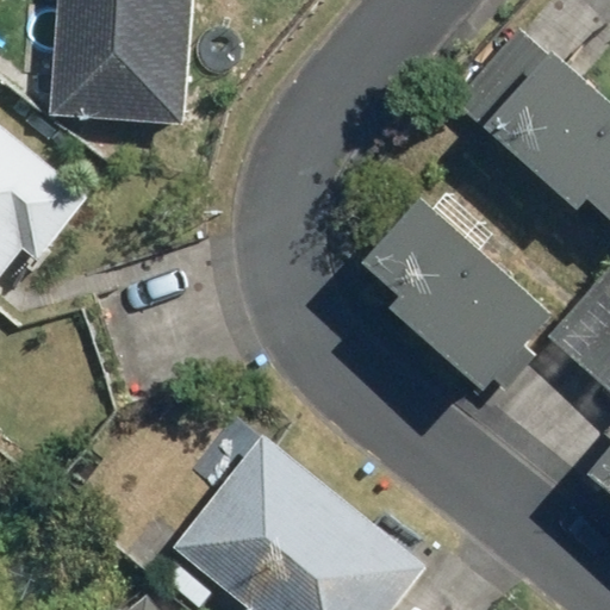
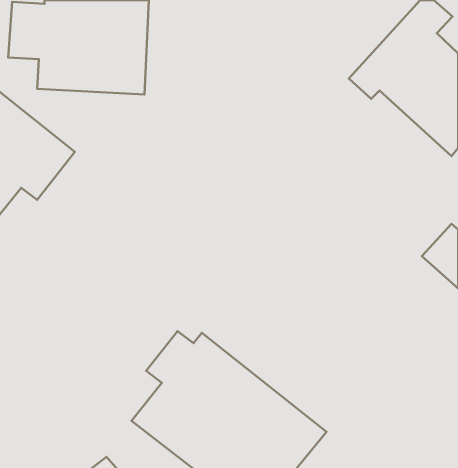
building: [372,188,560,394] -> none

